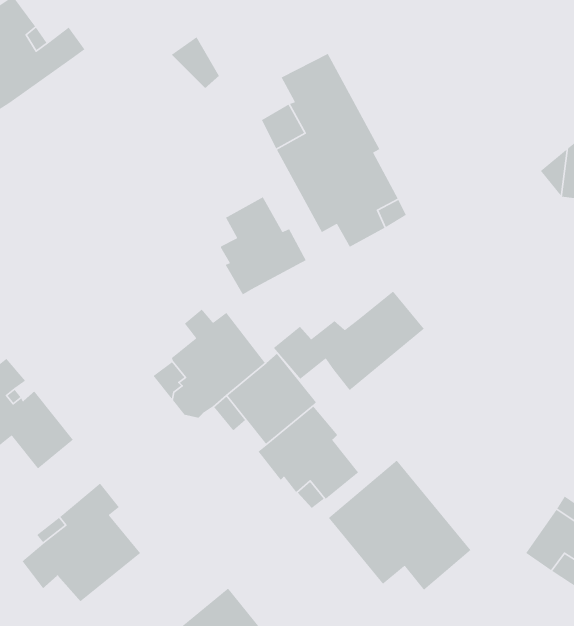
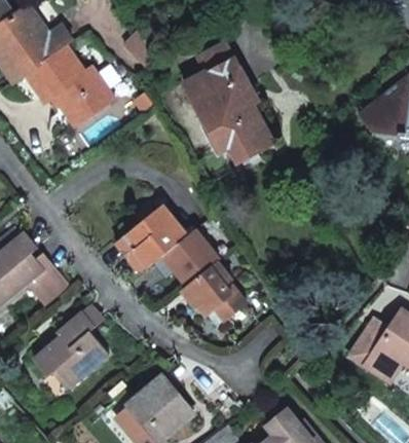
building: none -> [27,44,114,122]
building: [220,196,307,295] -> none
building: [273,290,425,391] -> none
building: [328,459,472,591] -> none

